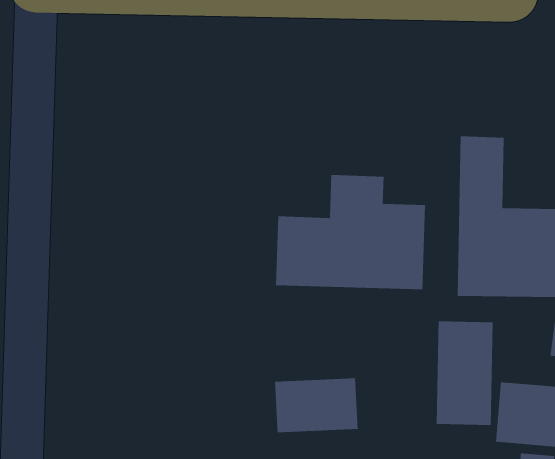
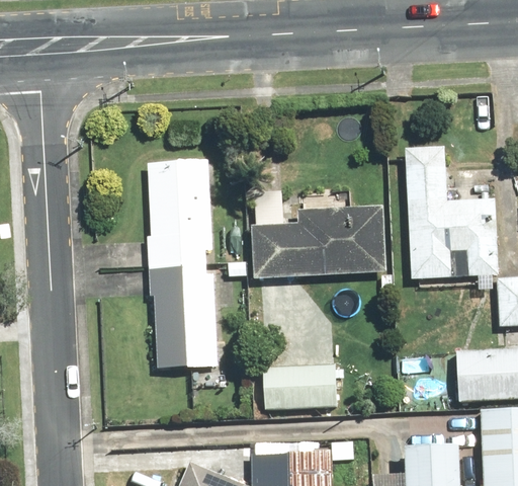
building: none -> [147,159,217,368]
building: [436,321,494,426] -> none

